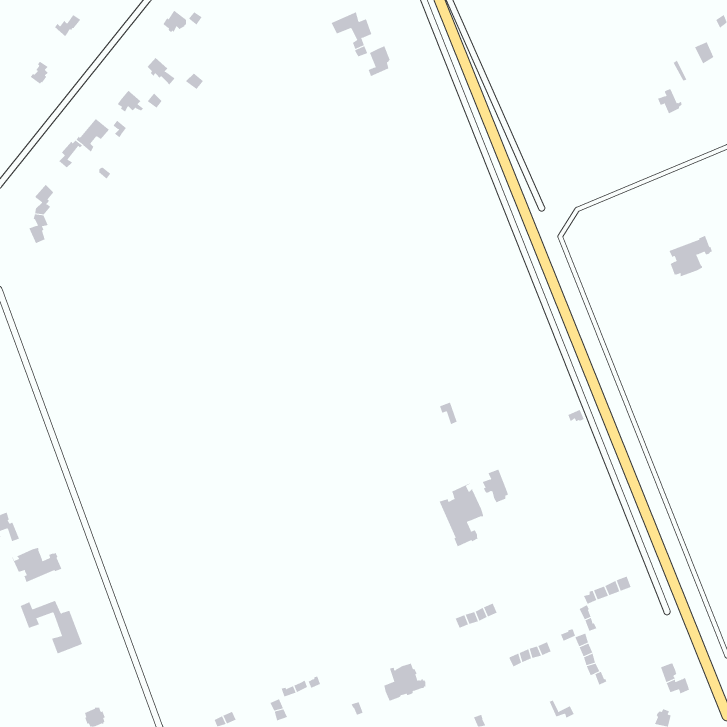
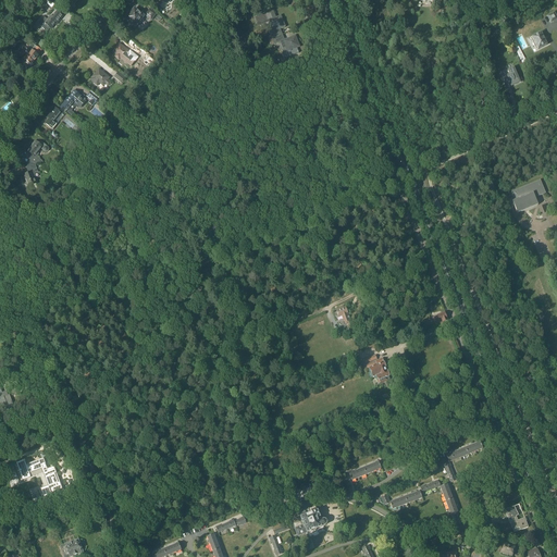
building: [439,482,484,547] -> none
building: [12,547,62,583] -> none

